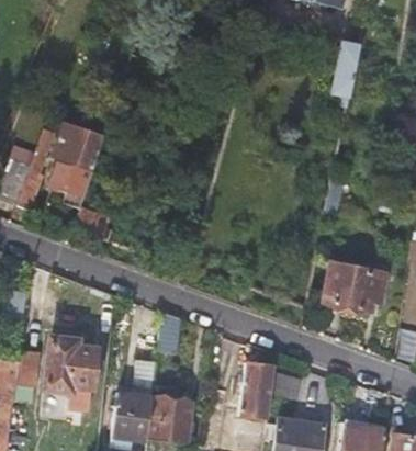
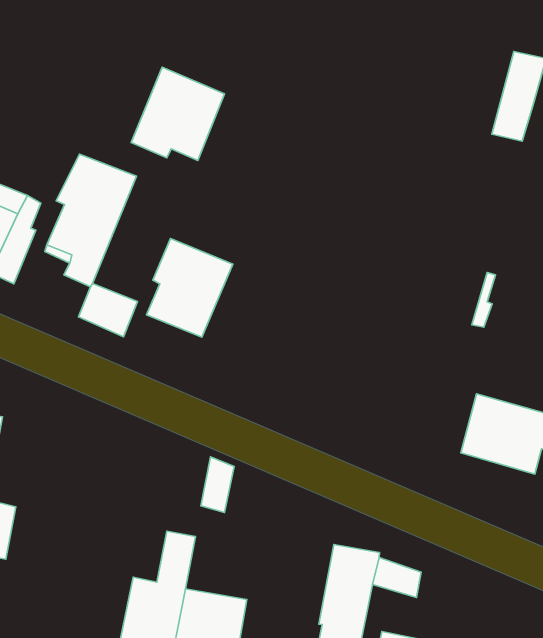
building: none -> [131,67,224,160]
building: none -> [147,238,233,337]
building: [41,336,100,391] -> none

